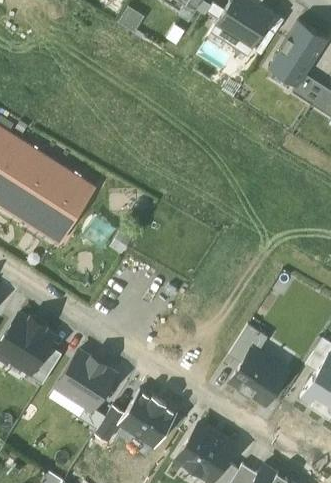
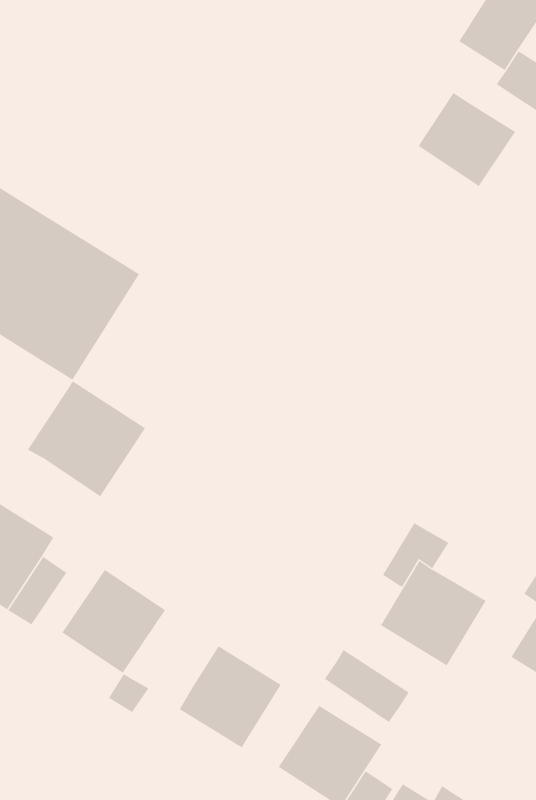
building: none -> [418,92,516,187]
building: none -> [27,381,146,497]
building: none -> [324,649,410,723]
building: [97,405,129,442] -> none

